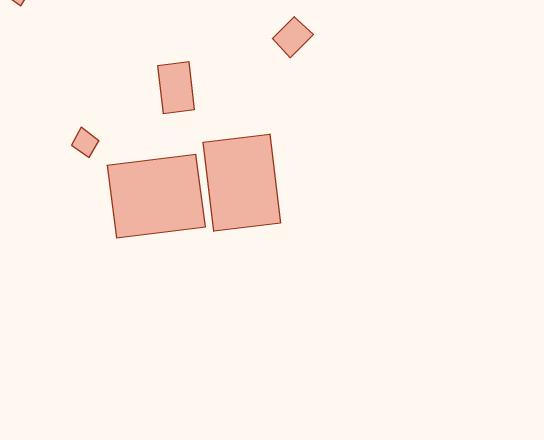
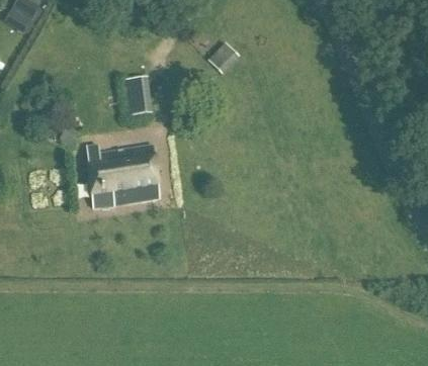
building: [203,134,280,231] -> none

